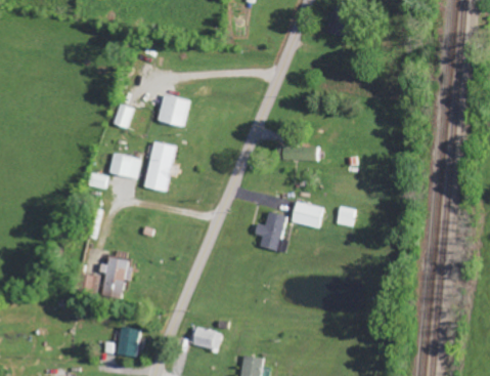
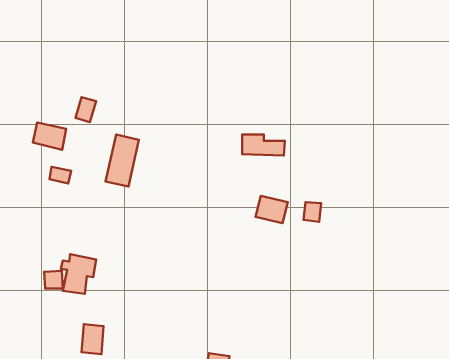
building: [158,94,189,126] -> none
building: [109,153,142,179] -> [33,123,66,150]
building: [254,211,288,253] -> none
building: [191,328,221,349] -> none

